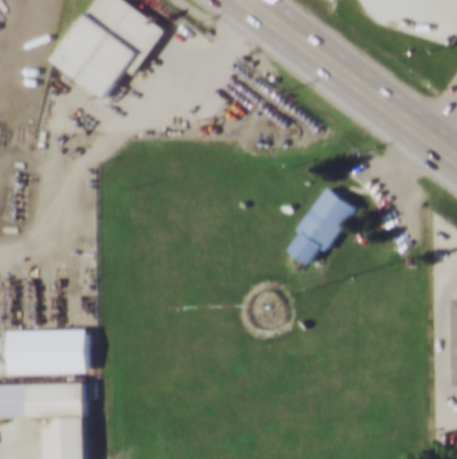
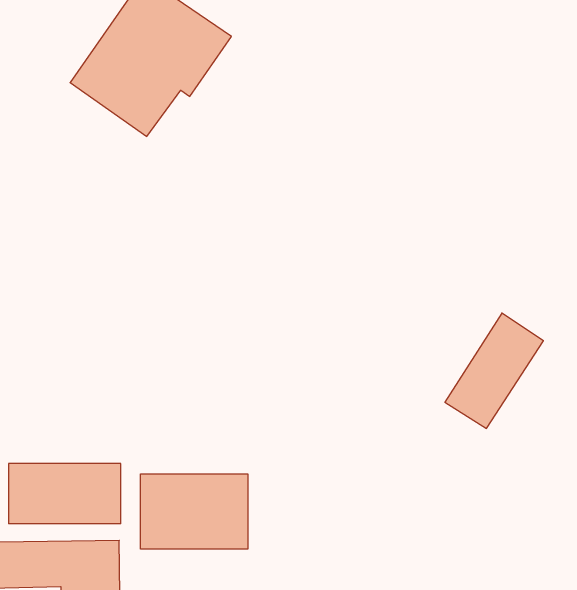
building: [287,188,356,269] -> [445,313,543,428]
building: none -> [141,474,248,549]

